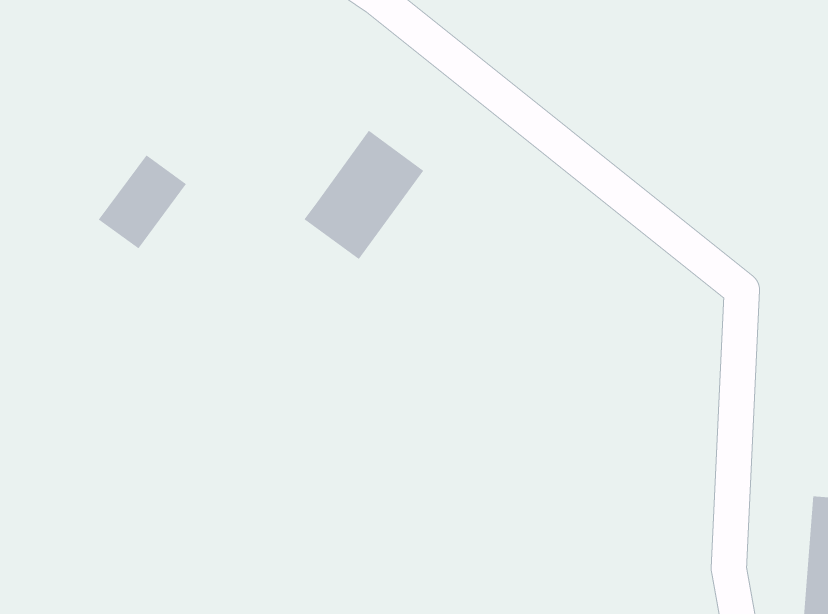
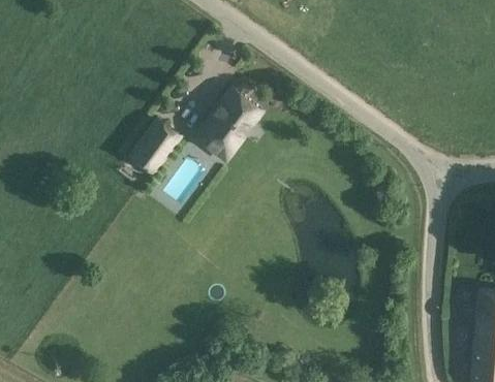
building: [98,154,187,249] -> [130,119,180,171]

